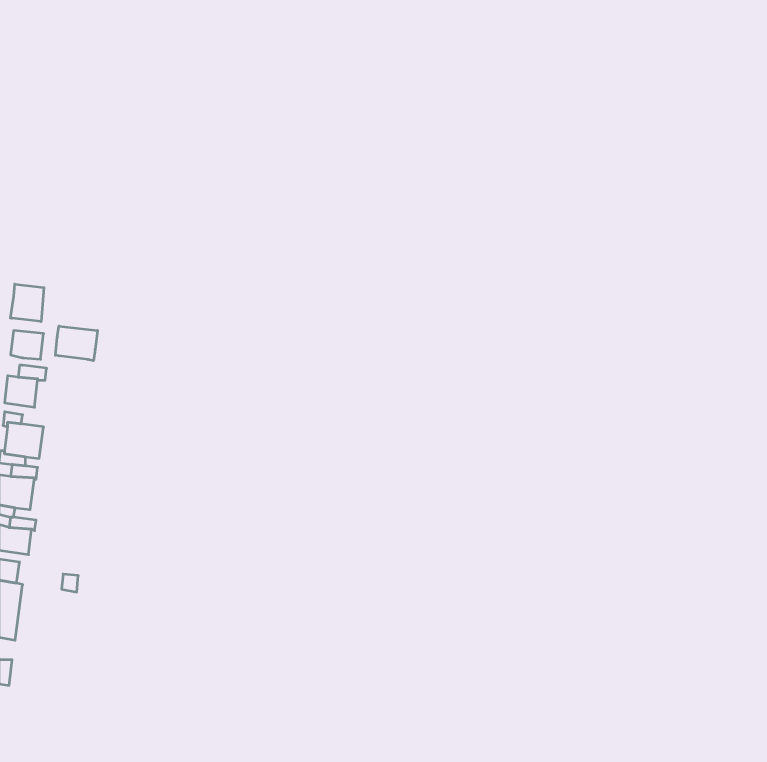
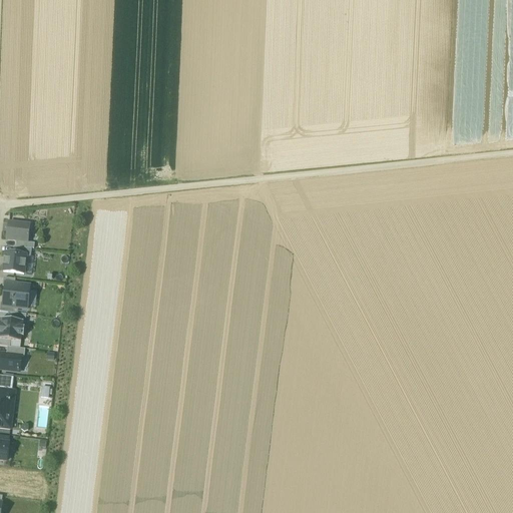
building: [10,284,44,322] -> none
building: [55,326,97,361] -> none

